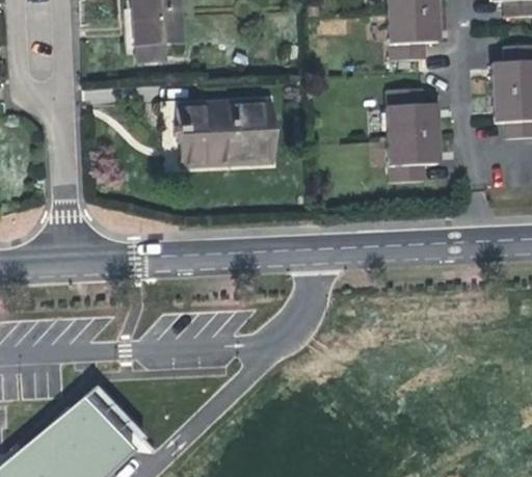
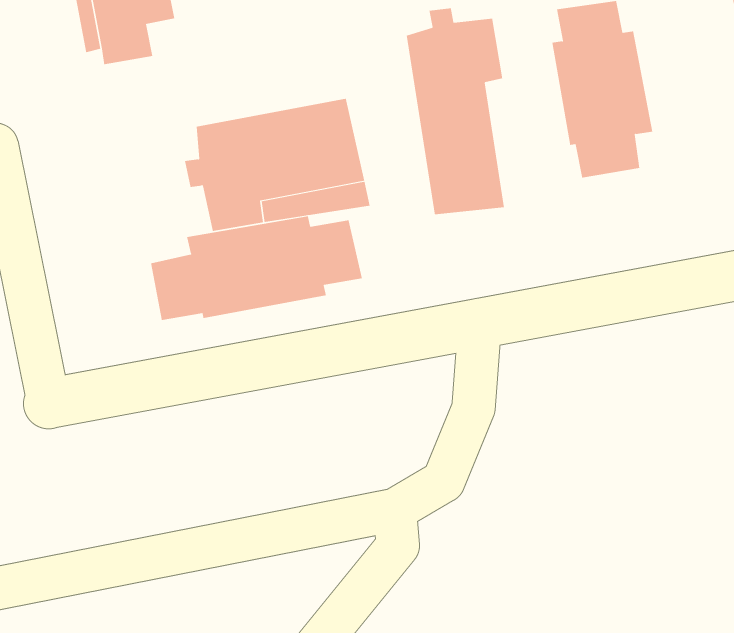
building: none -> [406,7,504,215]
building: none -> [150,216,363,321]

